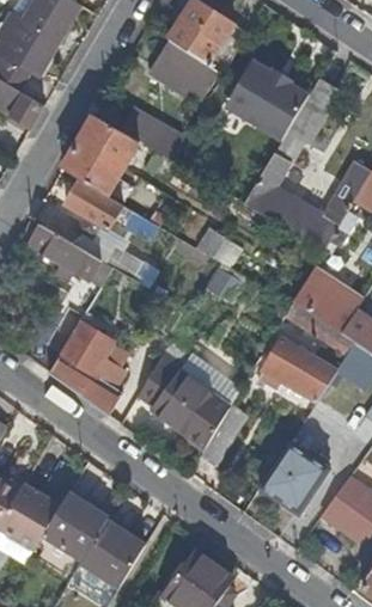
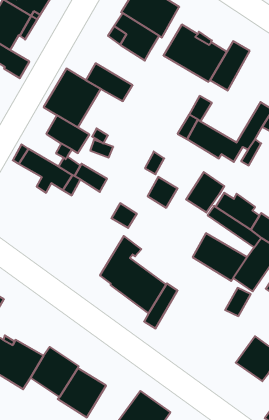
building: none -> [186,172,224,213]
building: [49,320,132,417] -> none
building: [258,441,328,514] -> none

